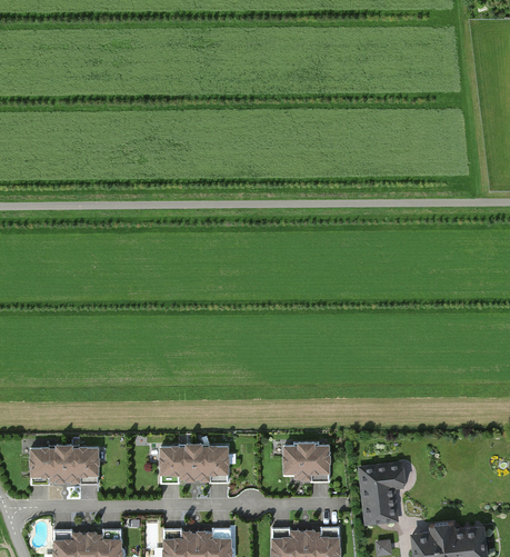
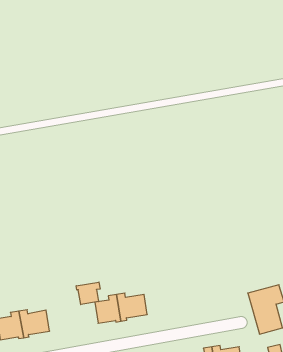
building: none -> [76,282,100,305]
building: [282,442,328,481] -> none

